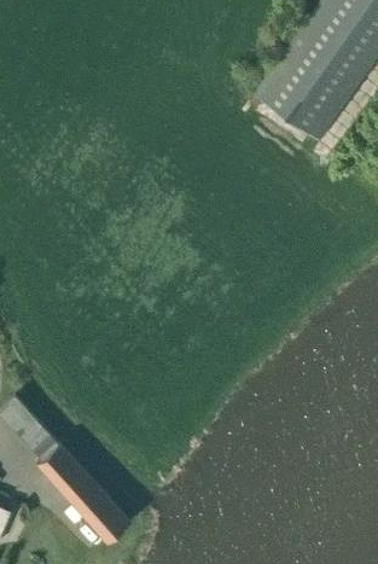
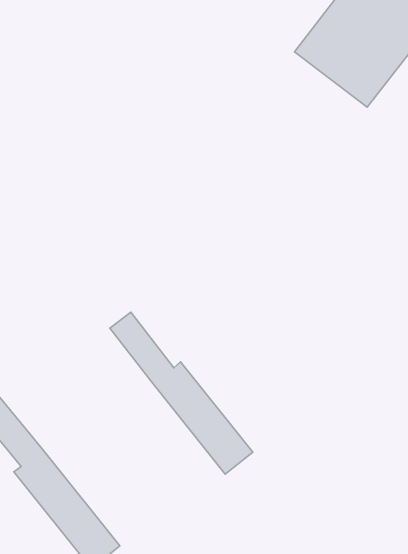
building: none -> [110,312,253,474]

